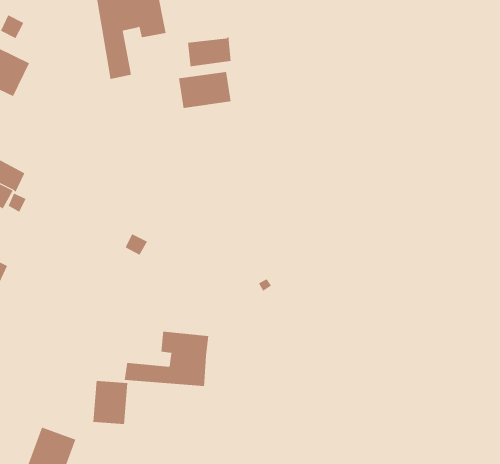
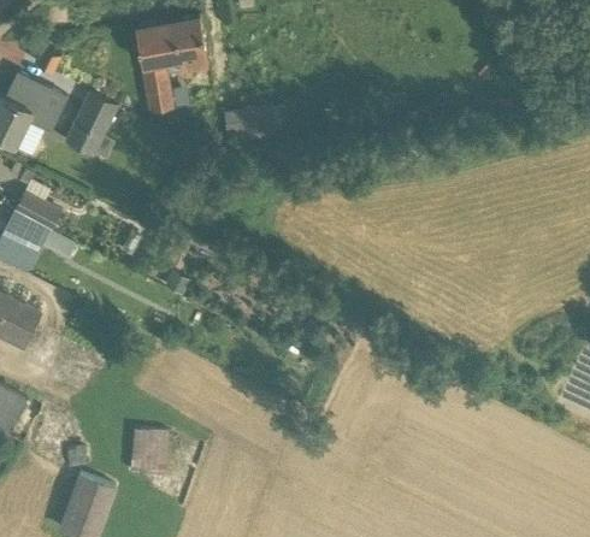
building: [188,36,231,67] -> none
building: none -> [63,93,117,160]
building: [124,331,209,387] -> none

